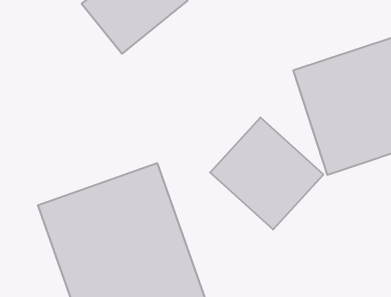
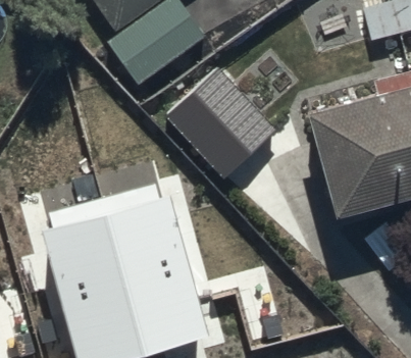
building: [210,117,323,230] -> [165,64,275,174]

